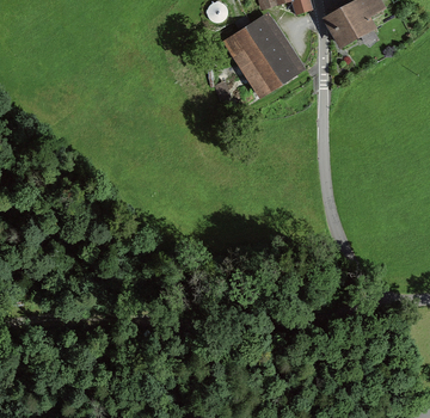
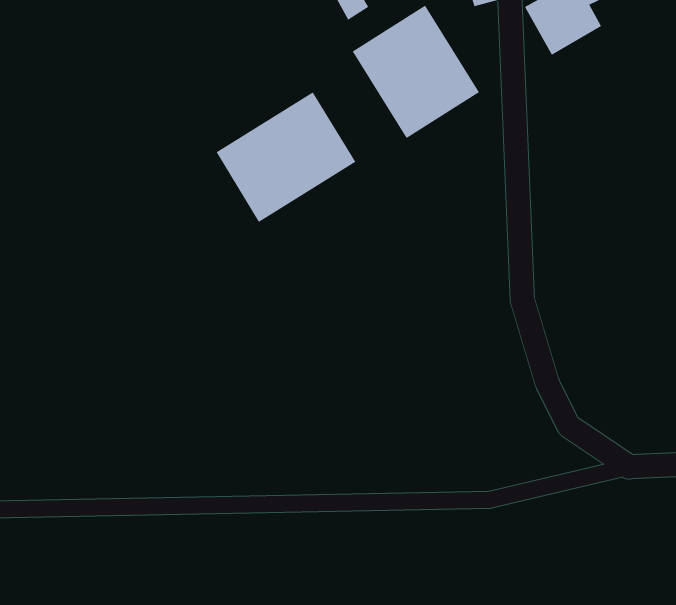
building: none -> [216,91,356,223]

